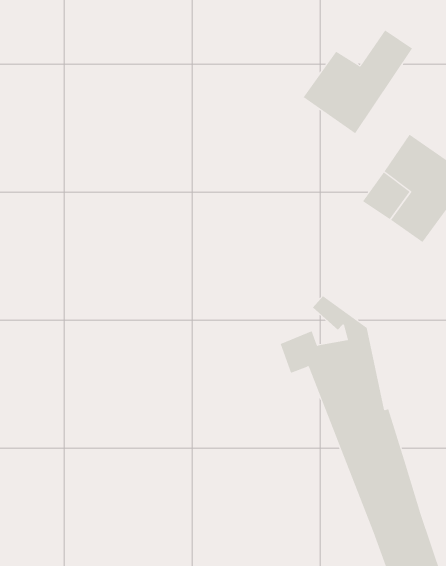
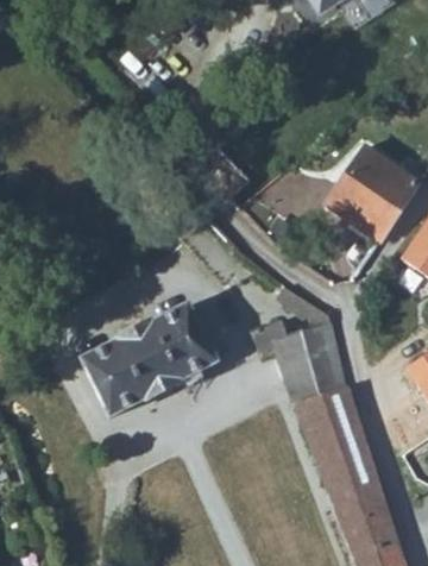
building: [303,30,413,134] -> none
building: none -> [78,304,216,419]

